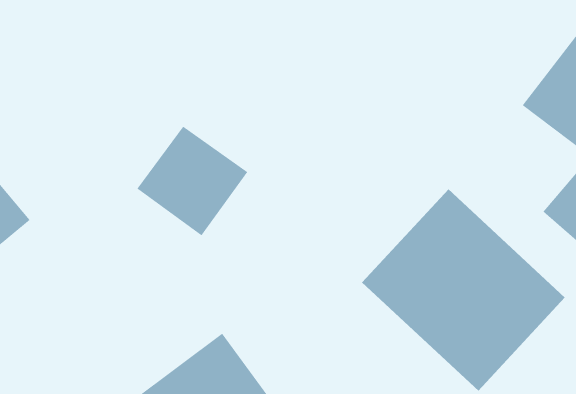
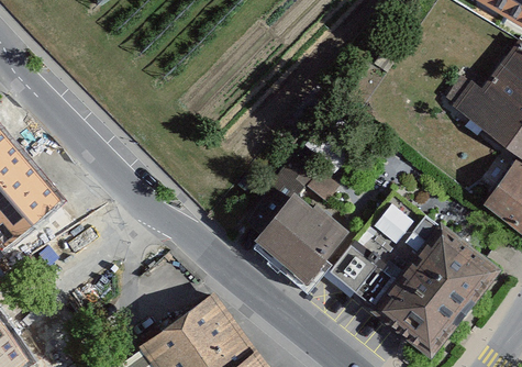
building: [136,126,248,236] -> [247,188,337,277]

